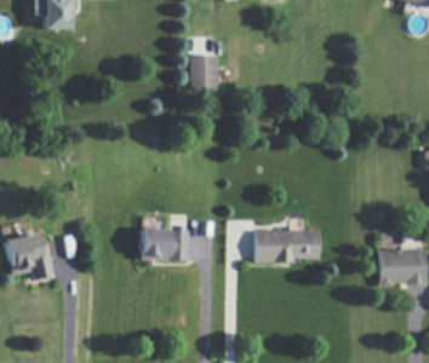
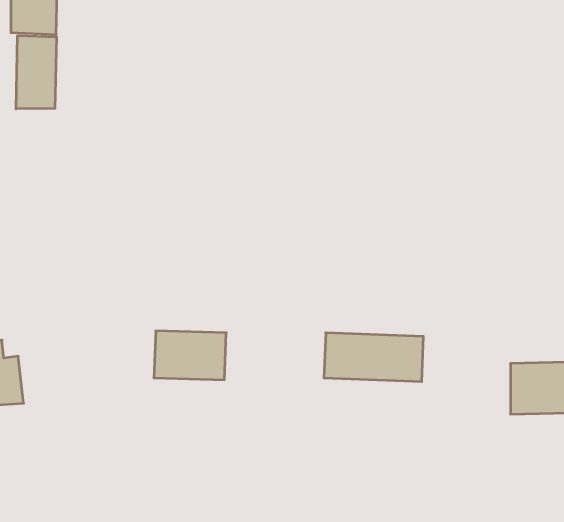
building: none -> [16,36,57,109]
building: [189,53,218,91] -> none

